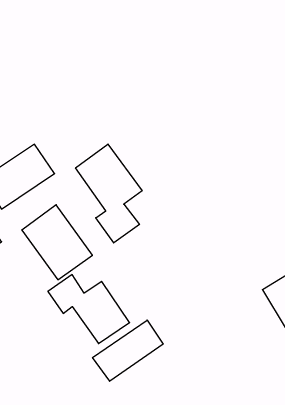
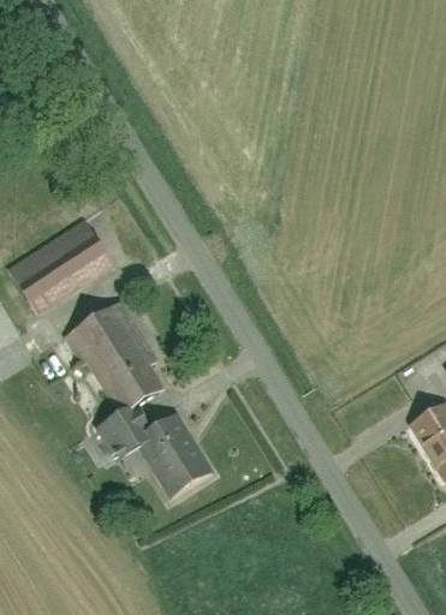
building: [76,144,142,243] -> none
building: [93,320,163,381] -> none

